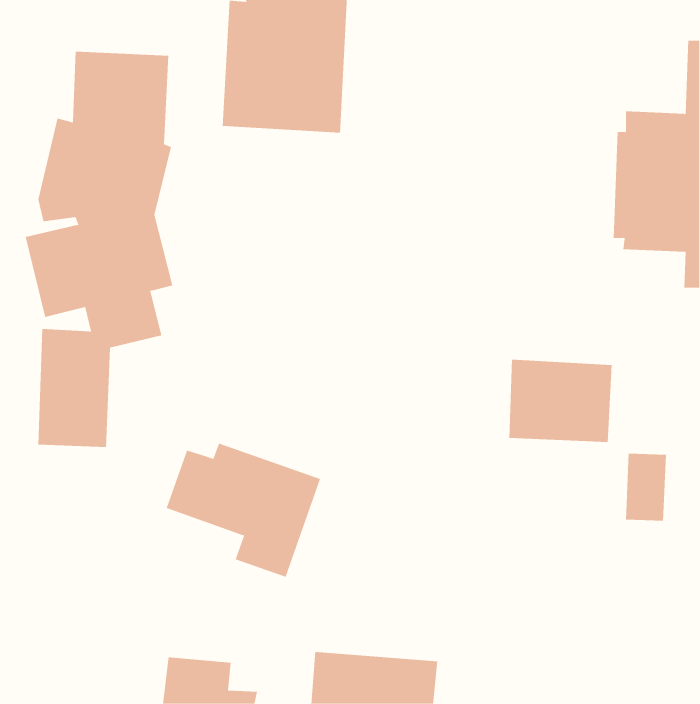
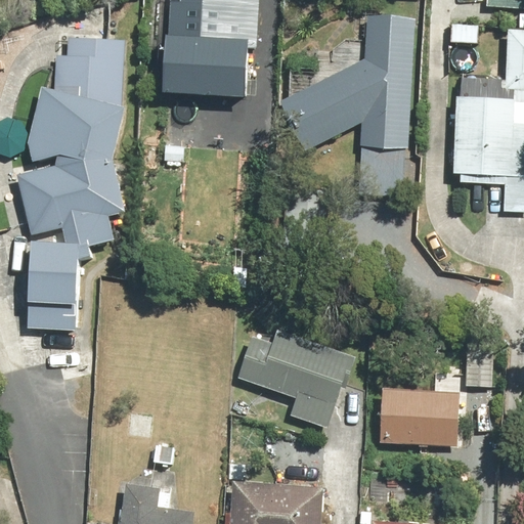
building: none -> [279,15,413,195]
building: [509,359,612,442] -> [383,385,460,446]
building: [166,443,321,577] -> [237,330,352,429]

